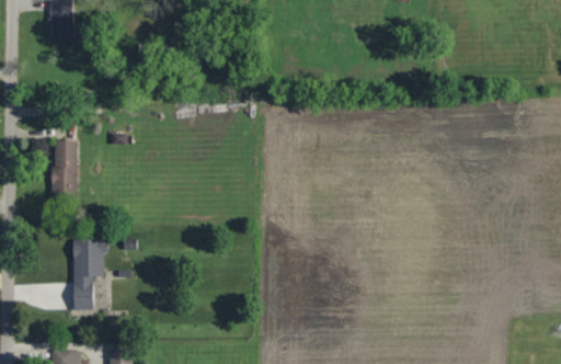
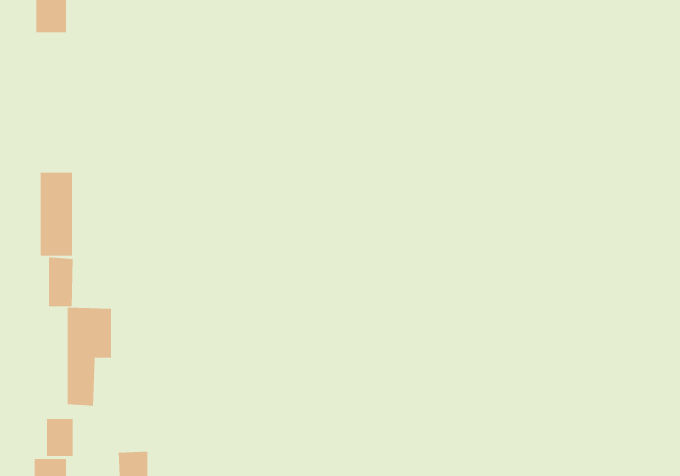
building: none -> [49,257,73,307]
building: none -> [47,418,73,457]

